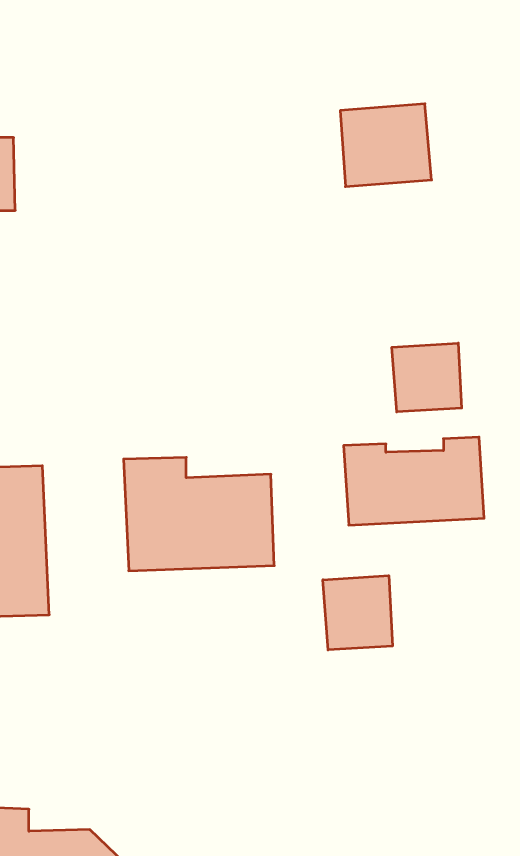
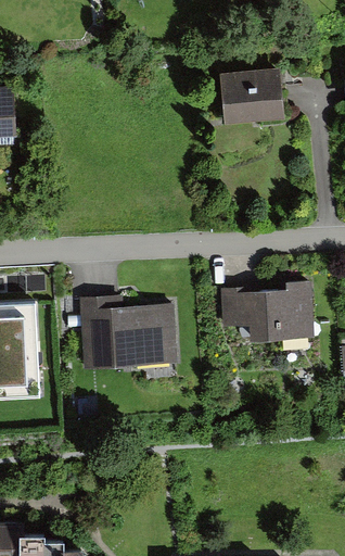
building: [392,343,462,412] -> none
building: [323,576,392,650] -> none

